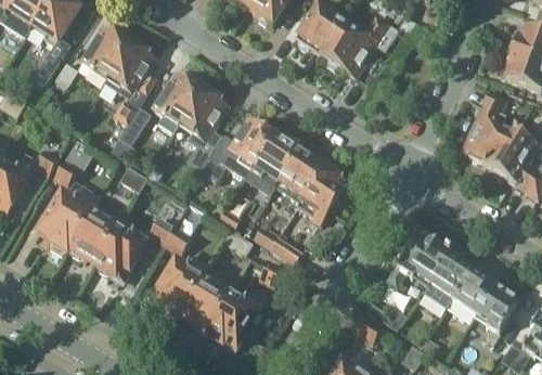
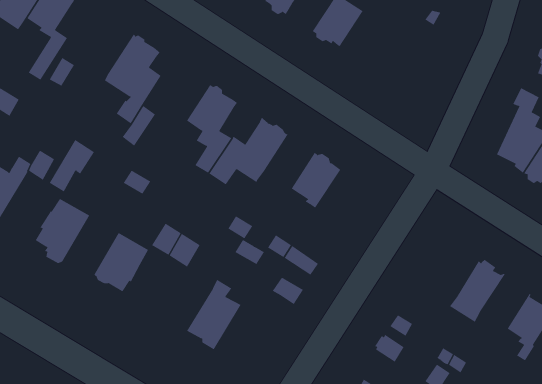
building: [321,15,398,72] -> none
building: [82,25,131,77] -> none
building: [153,70,202,120] -> none
building: [245,133,298,194] -> none
building: [297,166,348,222] -> none
building: [66,208,117,262] -> none
building: [388,234,450,286] -> none
building: [154,259,204,314] -> none
building: [452,262,496,312] -> none
building: [205,289,264,348] -> none

